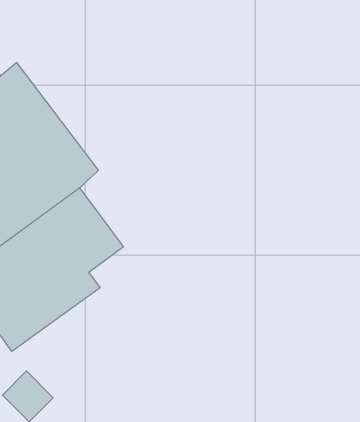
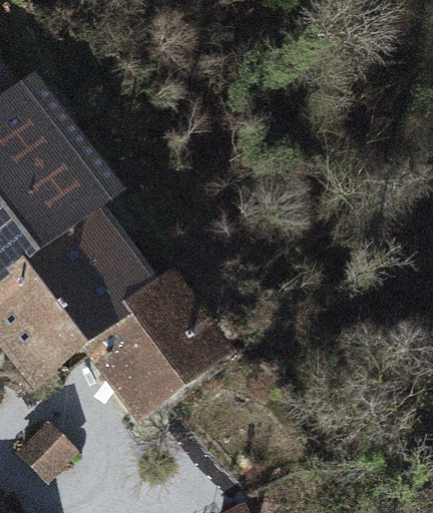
building: none -> [85,269,232,421]

